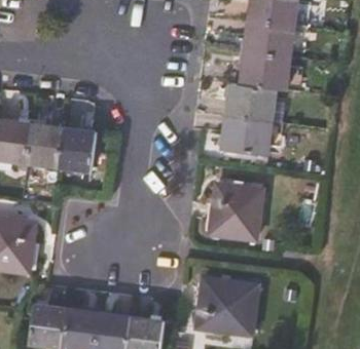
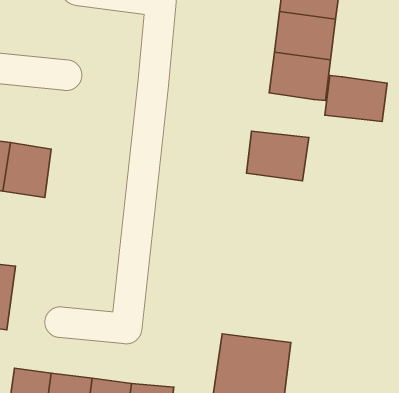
building: [225,82,276,119] -> [325,76,387,121]
building: [59,128,96,171] -> none
building: [209,184,261,239] -> none

